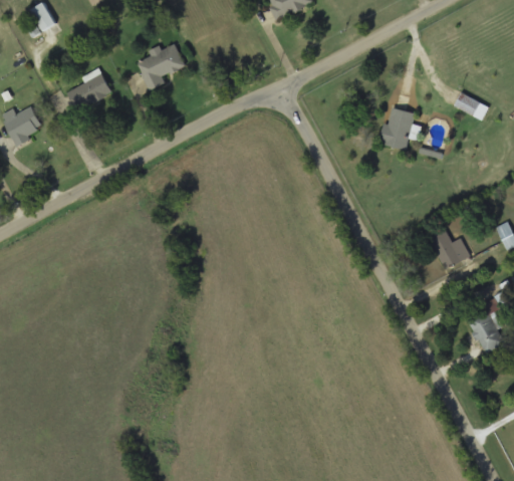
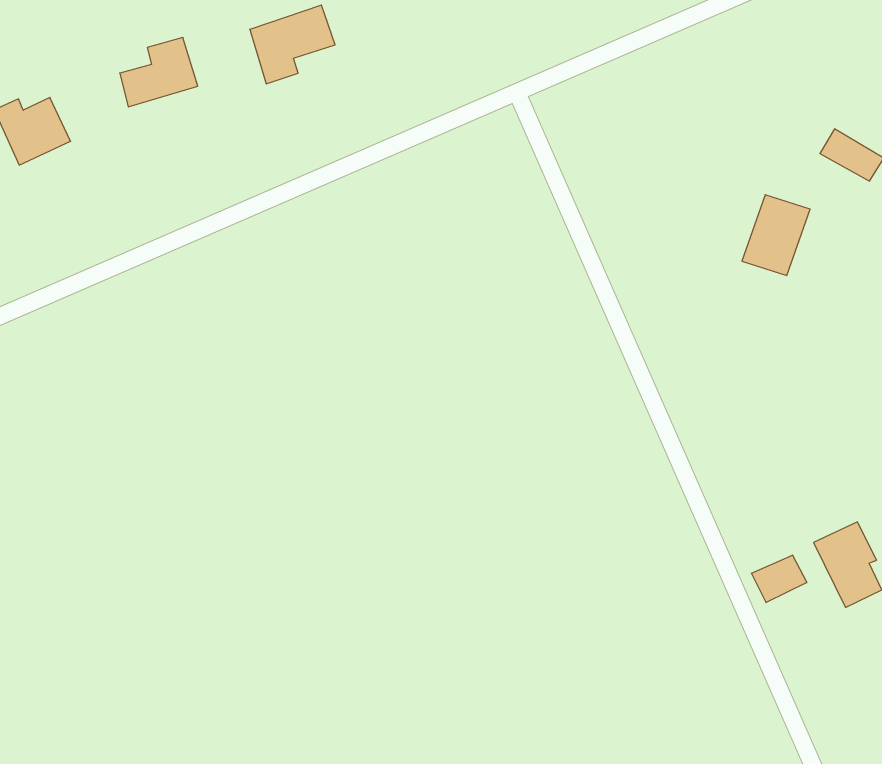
building: [380,106,416,150] -> [742,195,810,275]
building: [429,230,470,270] -> none
building: none -> [752,555,807,603]

